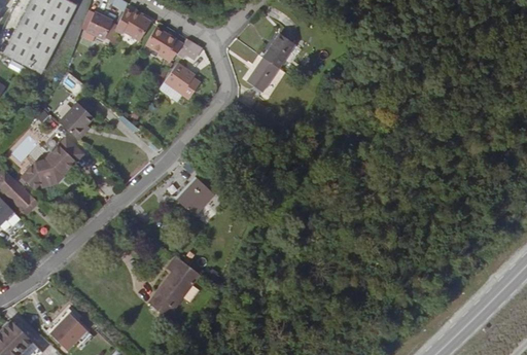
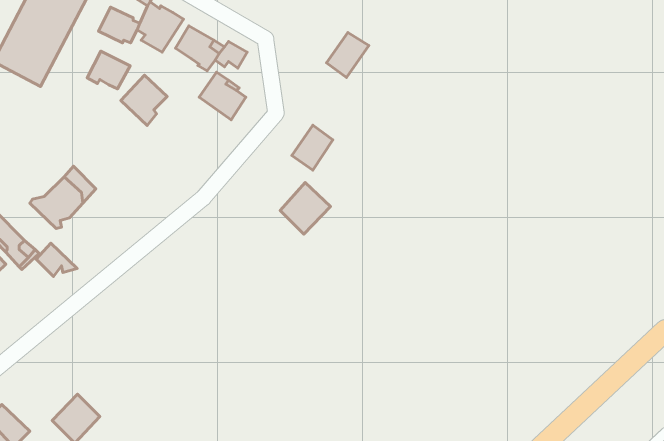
building: none -> [87,51,130,89]
building: [246,56,278,91] -> [292,125,333,170]
building: [58,102,94,141] -> [121,75,167,126]
building: [21,165,52,190] -> [36,243,77,276]
building: [175,176,214,216] -> [280,183,330,234]
building: [147,256,200,319] -> none

